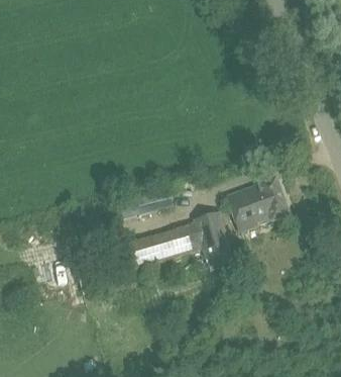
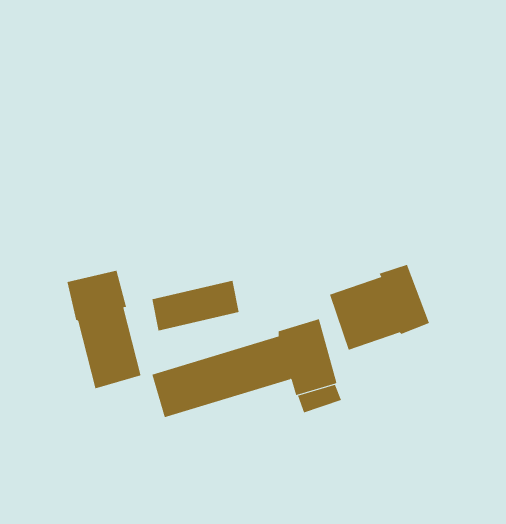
building: none -> [67,270,141,389]

